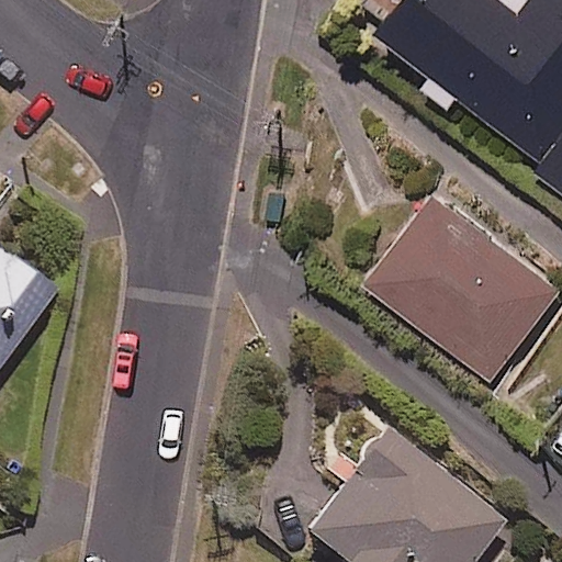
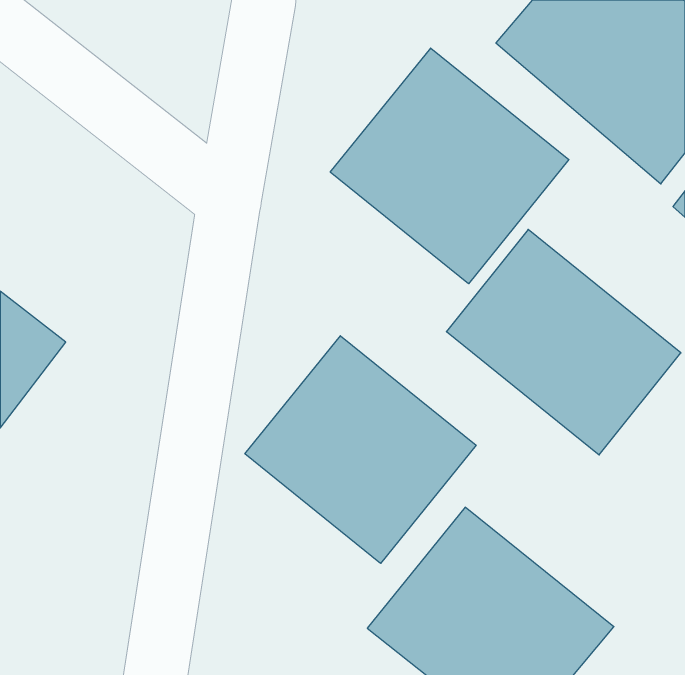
building: none -> [330,48,569,284]
building: none -> [245,336,476,563]

